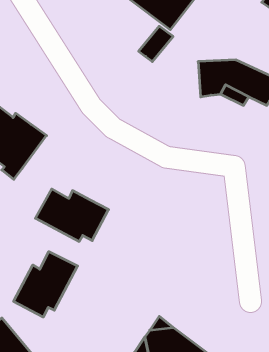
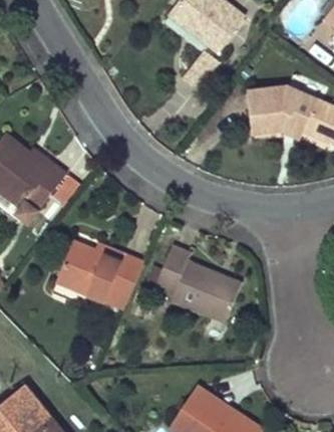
building: none -> [156,239,243,321]
building: [14,252,78,317] -> none

